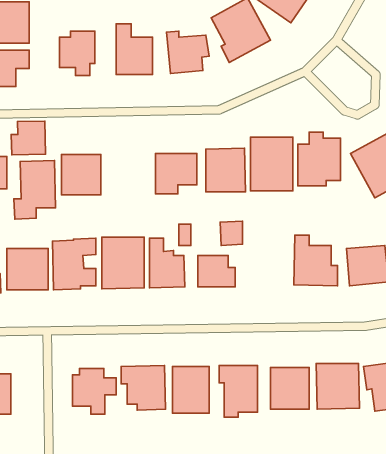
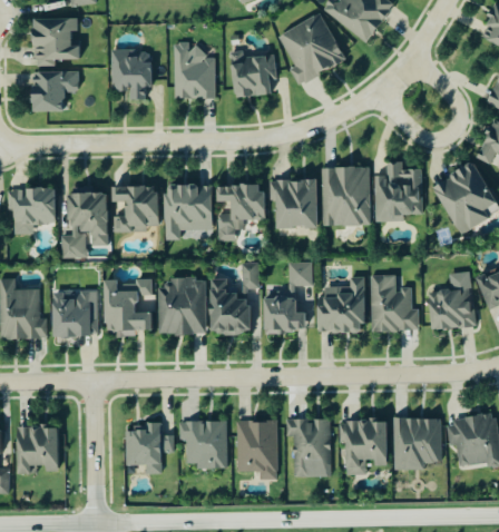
building: [11,121,46,155] -> none
building: none -> [165,185,211,238]
building: none -> [319,277,364,332]

